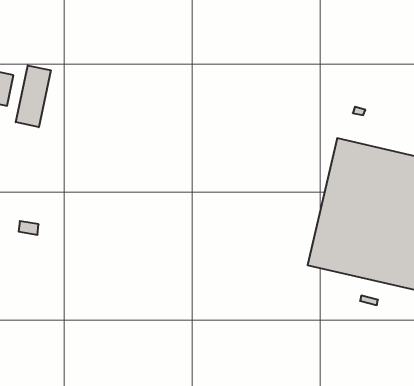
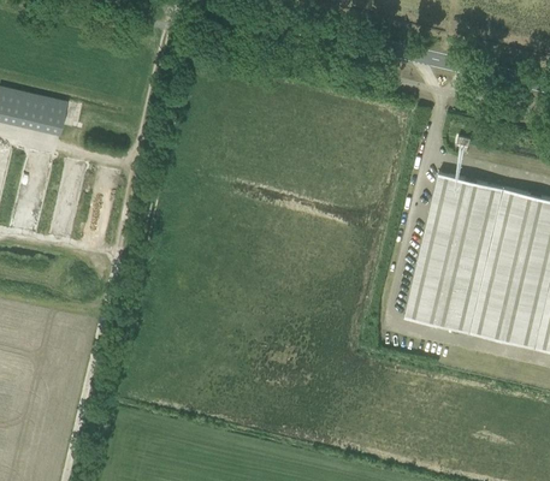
building: [16,65,51,127] -> none

